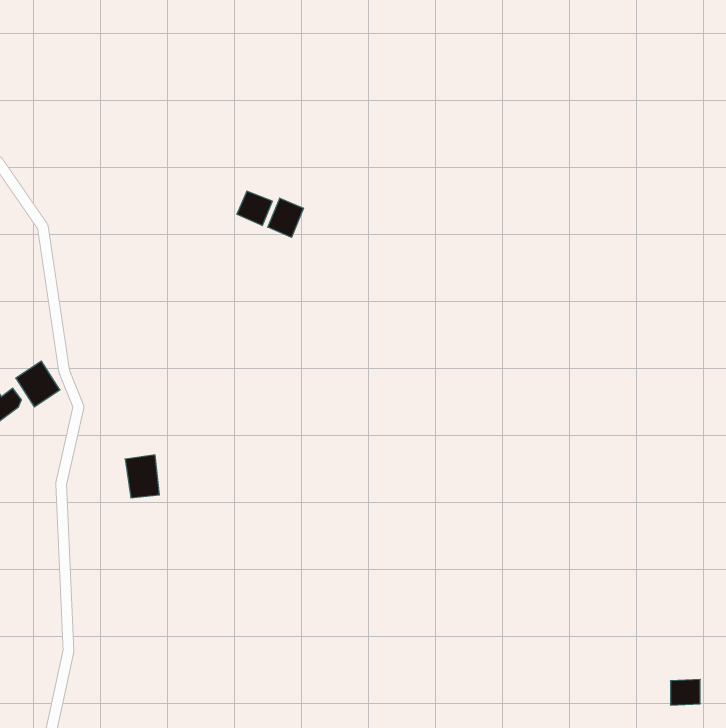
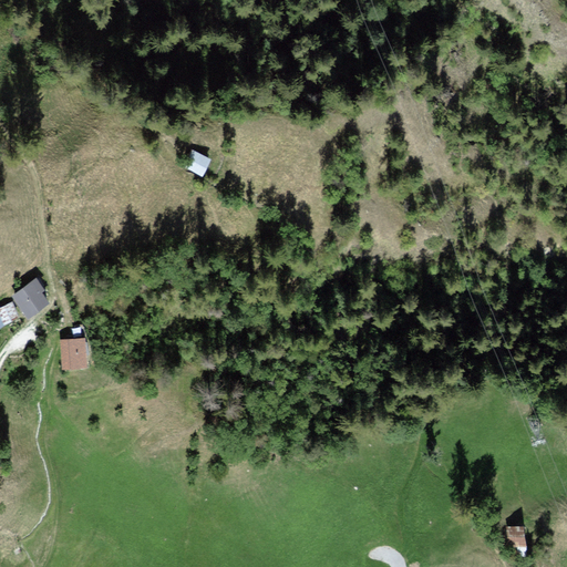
building: [268,198,303,237] -> none
building: [125,455,159,498] -> [59,337,85,370]

